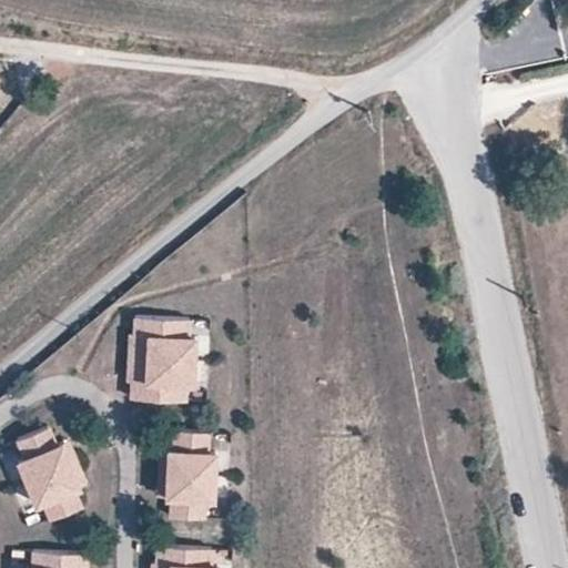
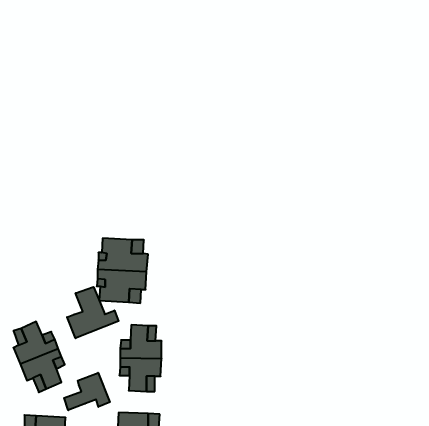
building: none -> [67,287,119,338]
building: none -> [64,373,110,410]

